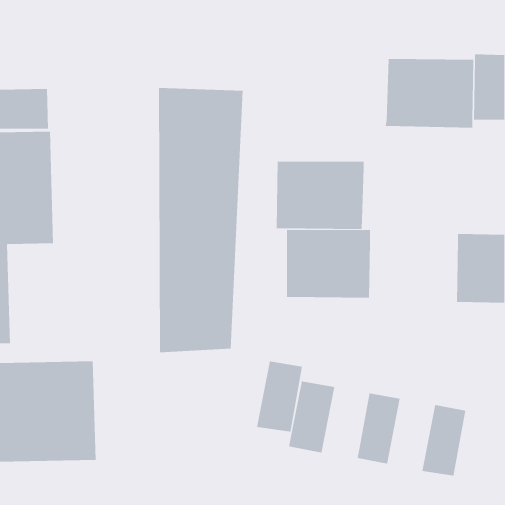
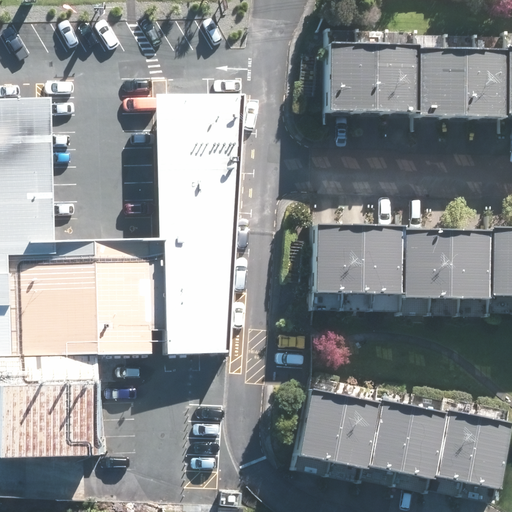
building: [276,161,364,230] -> [301,52,390,121]
building: none -> [372,242,460,312]
building: none -> [15,250,153,353]
building: [256,361,303,432] -> [324,389,371,461]
building: none -> [390,401,437,474]
building: none -> [457,413,502,485]

